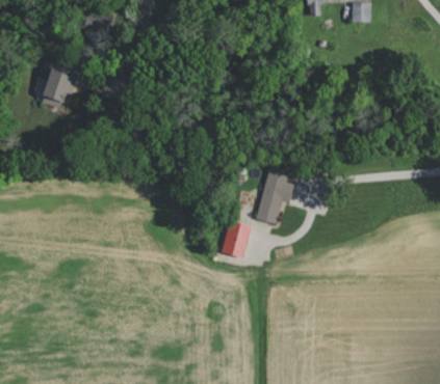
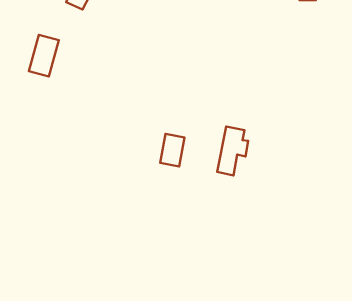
building: [222,219,250,256] -> [160,134,185,167]

